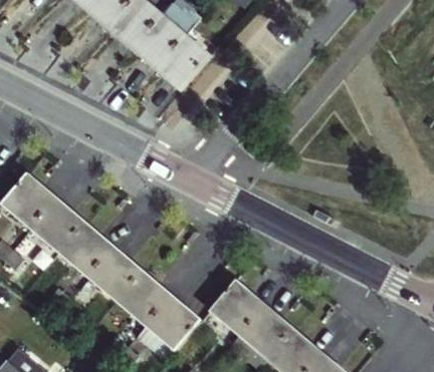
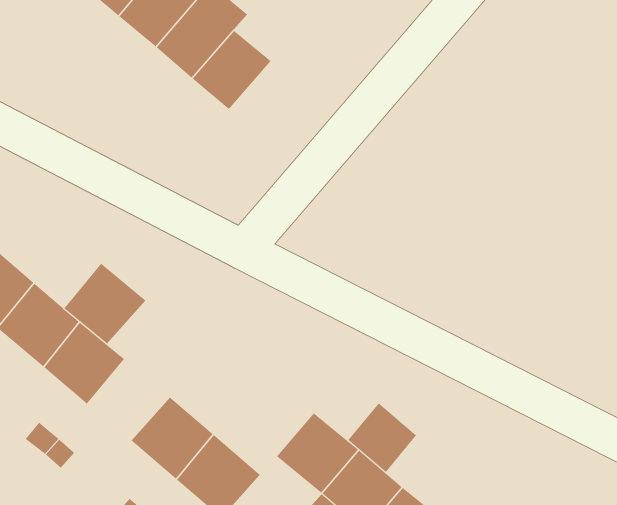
building: [88,247,142,299] -> [64,263,146,344]
building: none -> [348,402,417,473]

